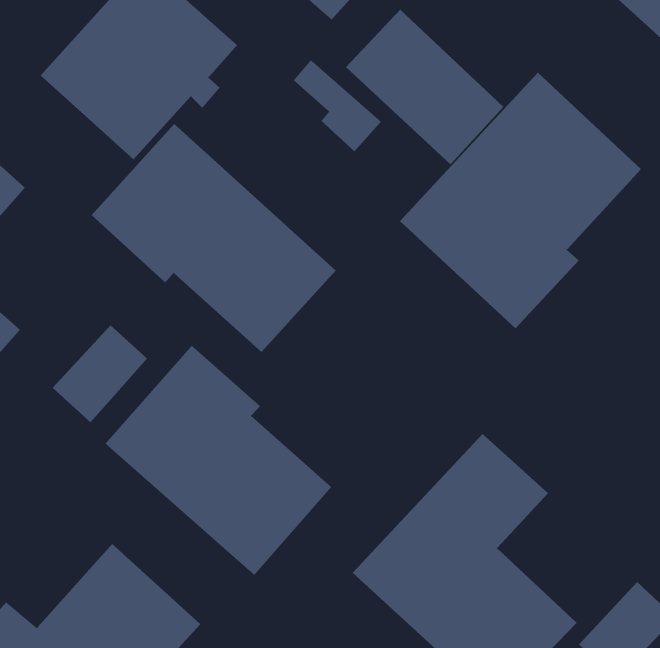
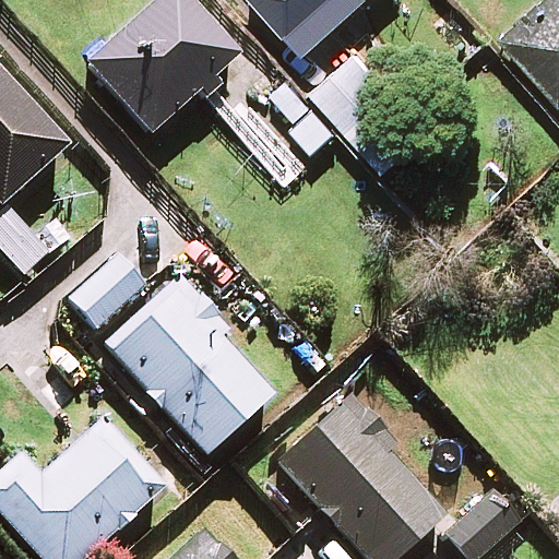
building: [399,72,642,329] -> none
building: [91,123,337,353] -> none

